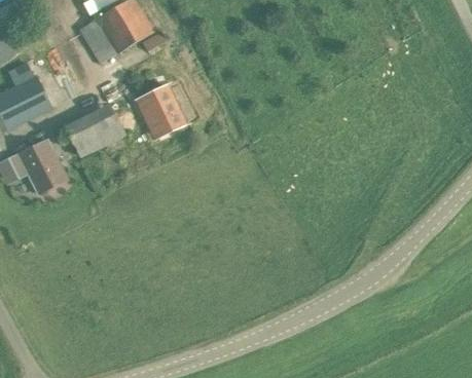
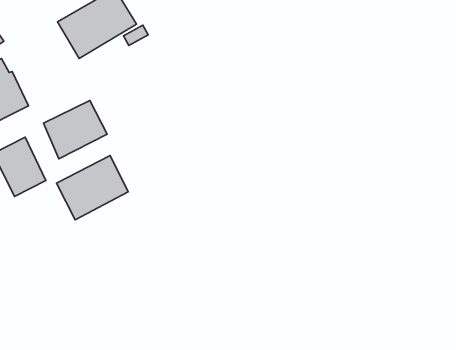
building: [138,85,186,138] -> none
building: none -> [56,156,128,220]

